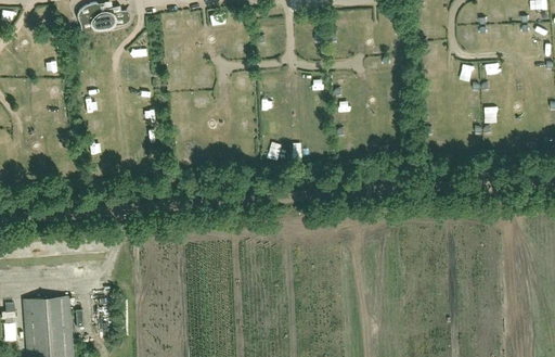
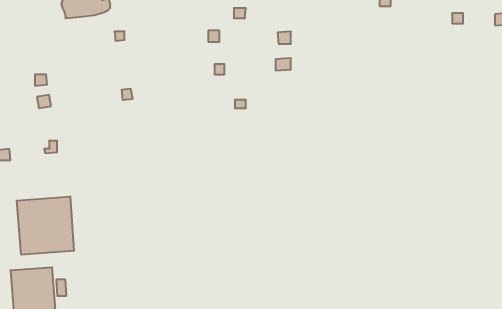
building: none -> [17,196,74,255]

